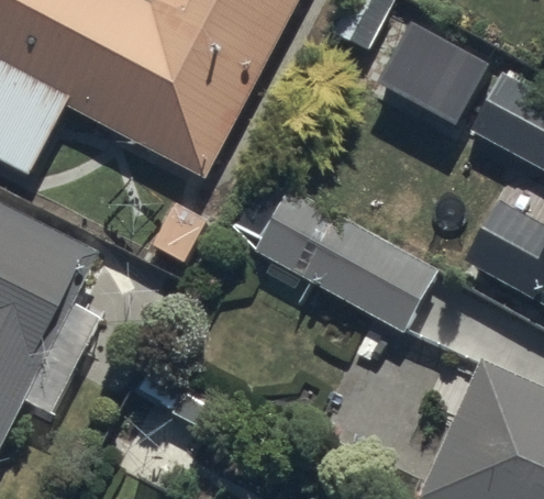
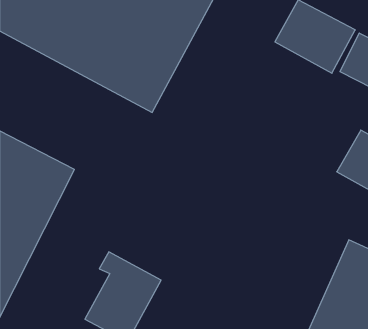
building: [255,187,438,336] -> none

